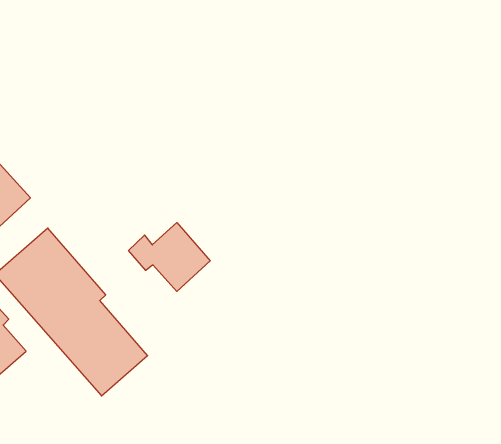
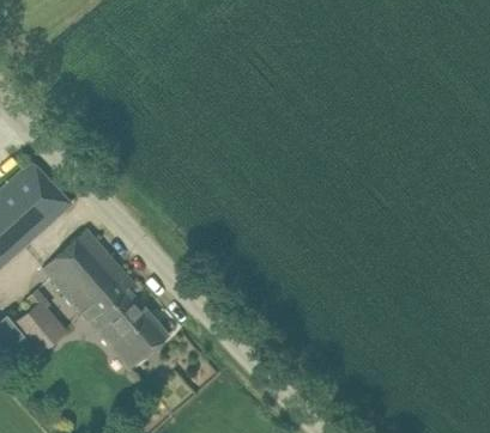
building: [129,223,210,291] -> none

